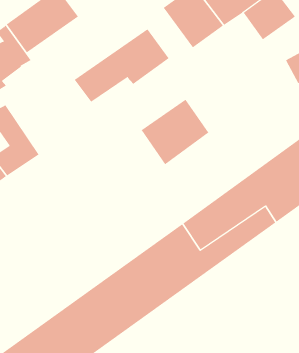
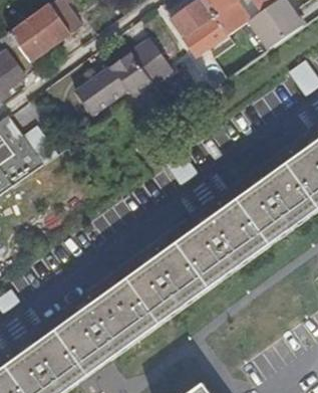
building: [141,99,209,165] -> none

